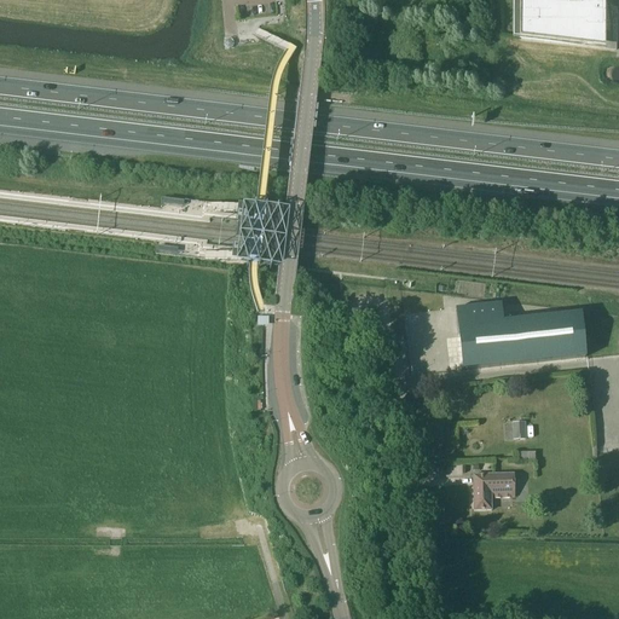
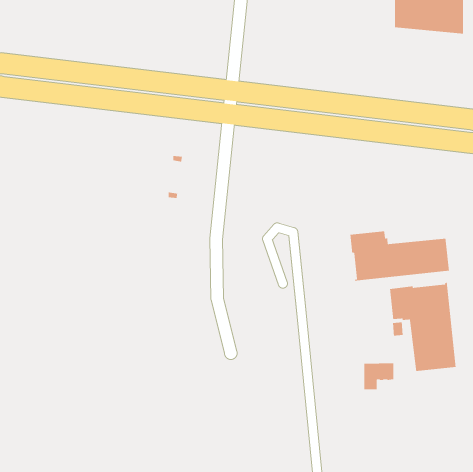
building: none -> [389,282,457,372]

